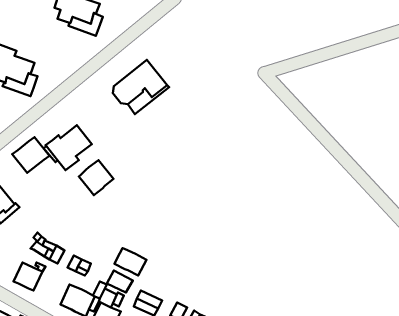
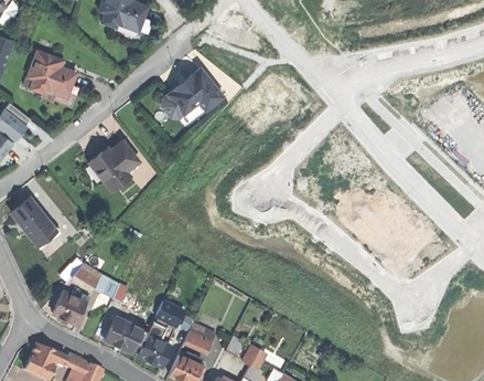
building: [12,137,50,173] -> none
building: [79,160,113,195] -> none
building: [114,248,147,276] -> none

